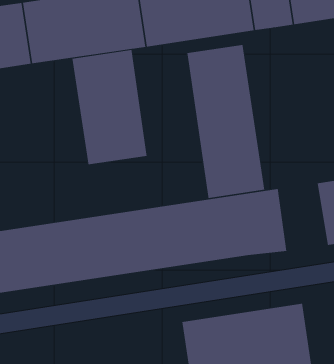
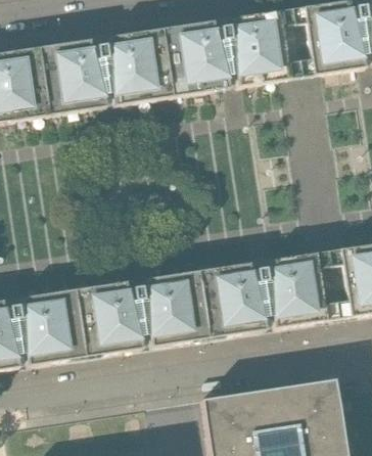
building: [187,44,265,199] -> none
building: [72,49,147,165] -> none
building: none -> [310,246,363,321]

